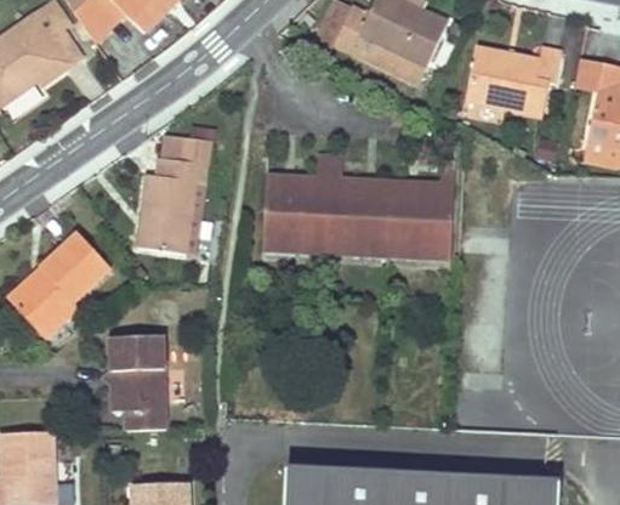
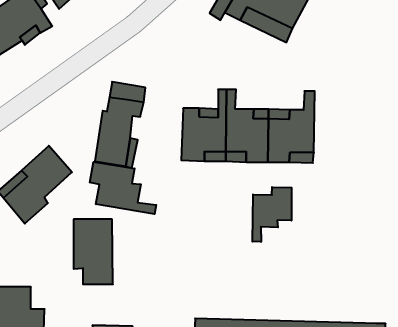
building: [461,49,558,115] -> none
building: none -> [90,162,156,214]
building: none -> [252,187,292,242]

